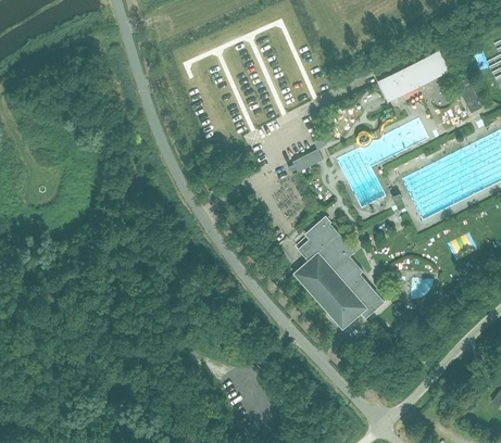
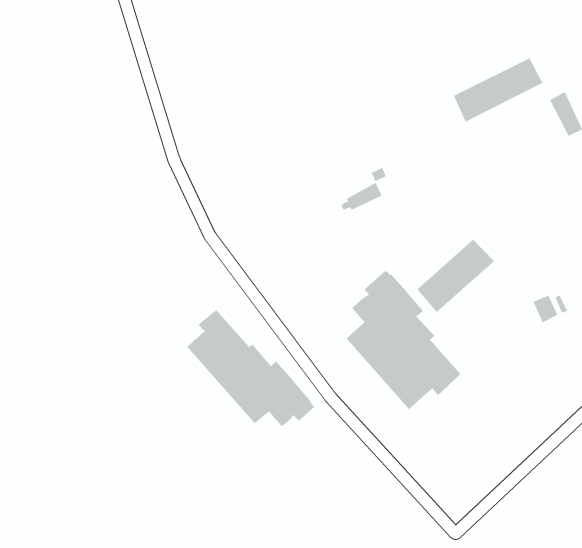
building: none -> [417,239,495,313]
building: none -> [186,309,315,427]

